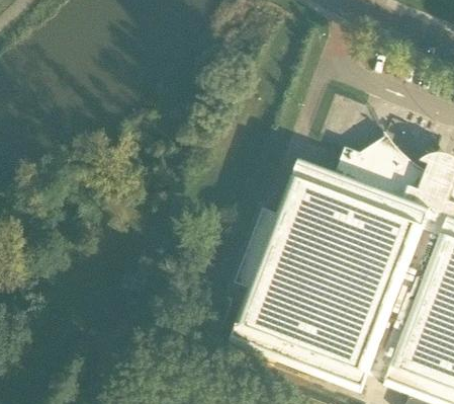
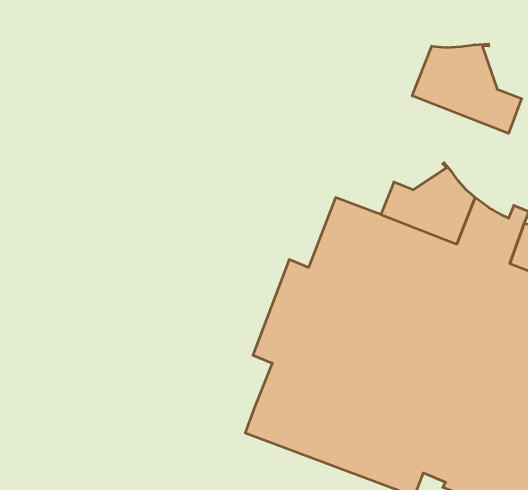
building: none -> [412,44,522,133]

